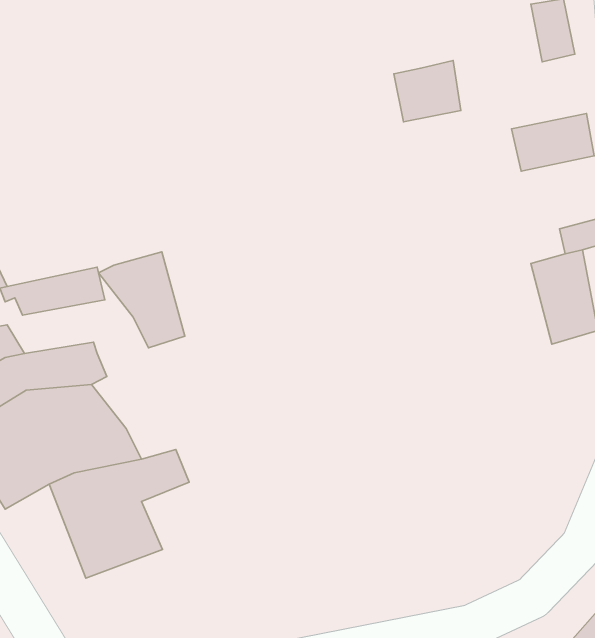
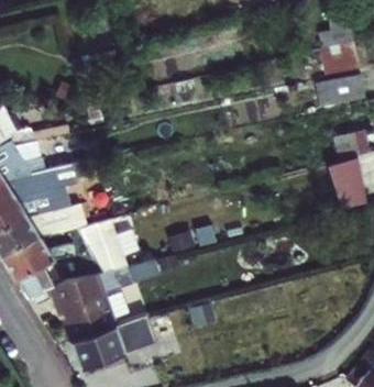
building: [394,61,461,122] -> [322,46,361,81]
building: [99,252,185,348] -> [79,223,129,278]
building: none -> [76,320,160,374]

